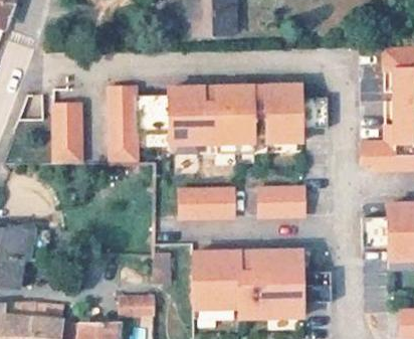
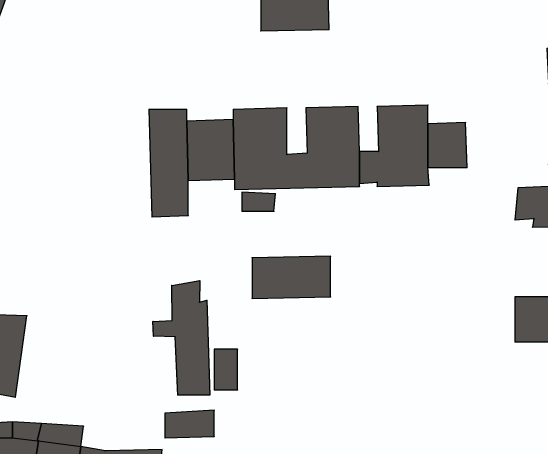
building: [52,103,81,162] -> none
building: [260,187,300,215] -> none
building: none -> [153,281,210,395]
building: [194,248,333,317] -> none

